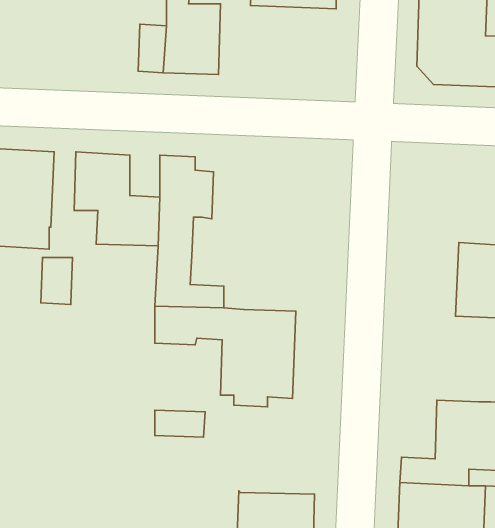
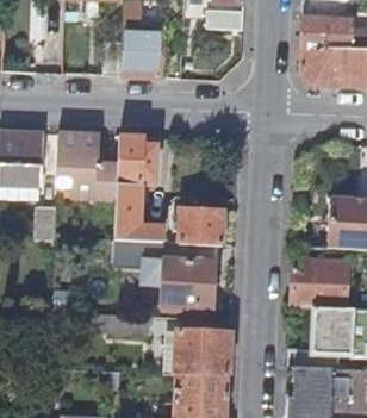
building: none -> [178,210,222,244]
building: none -> [291,258,347,308]
building: none -> [175,330,230,374]

